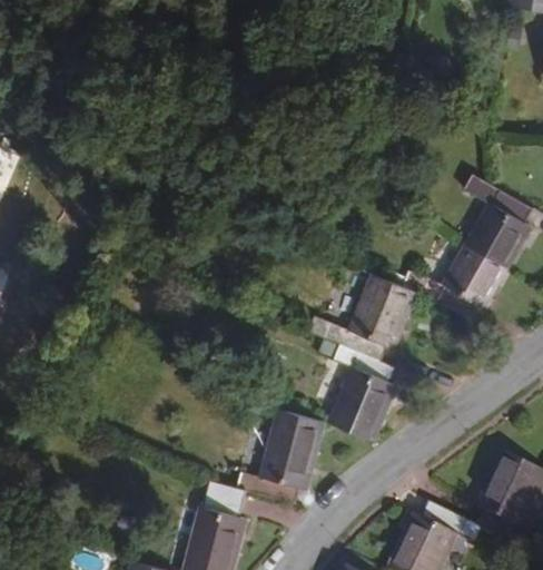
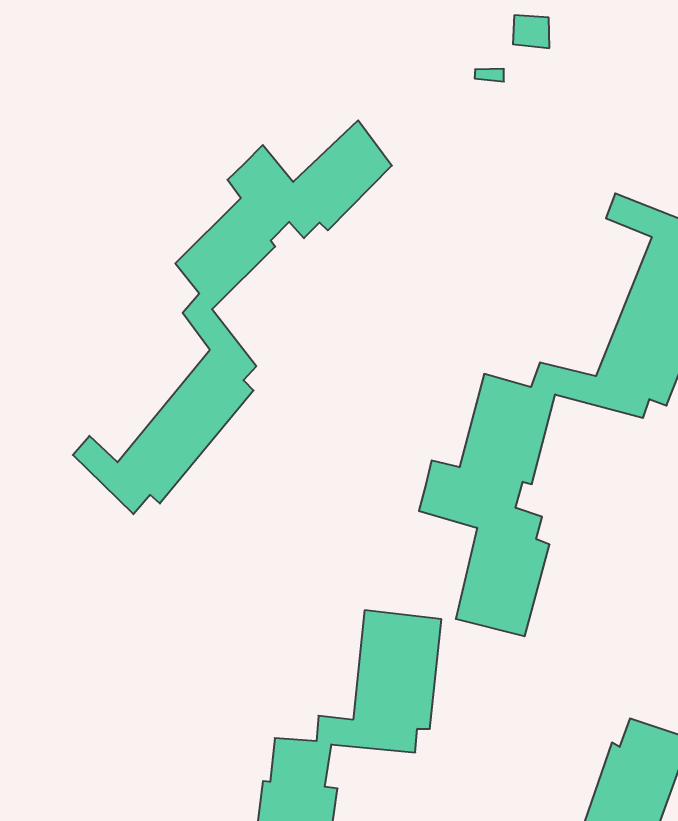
building: none -> [73,120,392,514]

